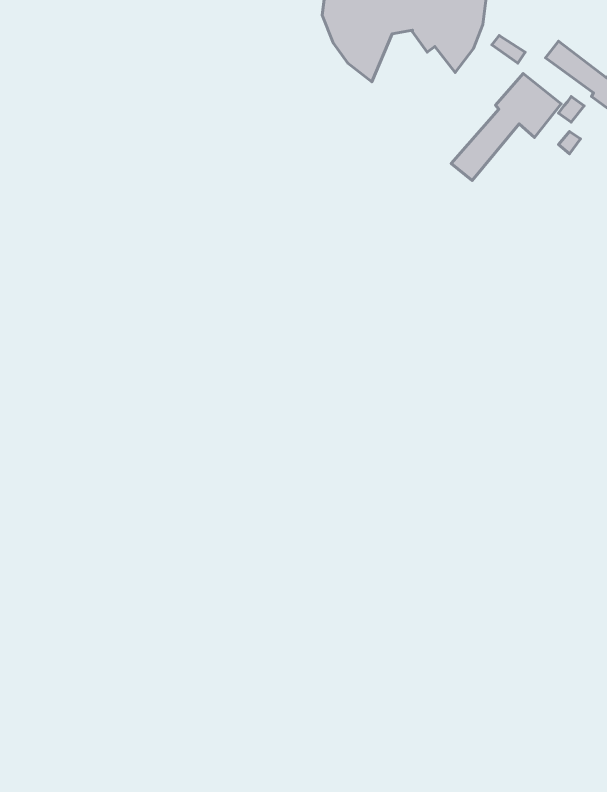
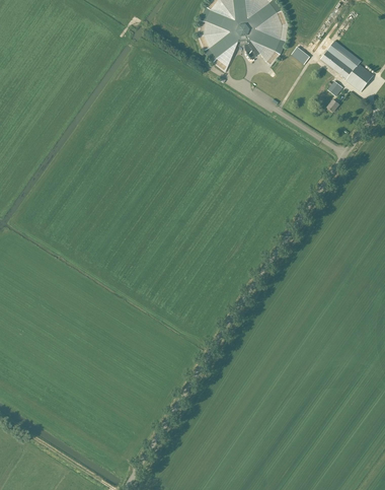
building: [451,74,561,180] -> none

